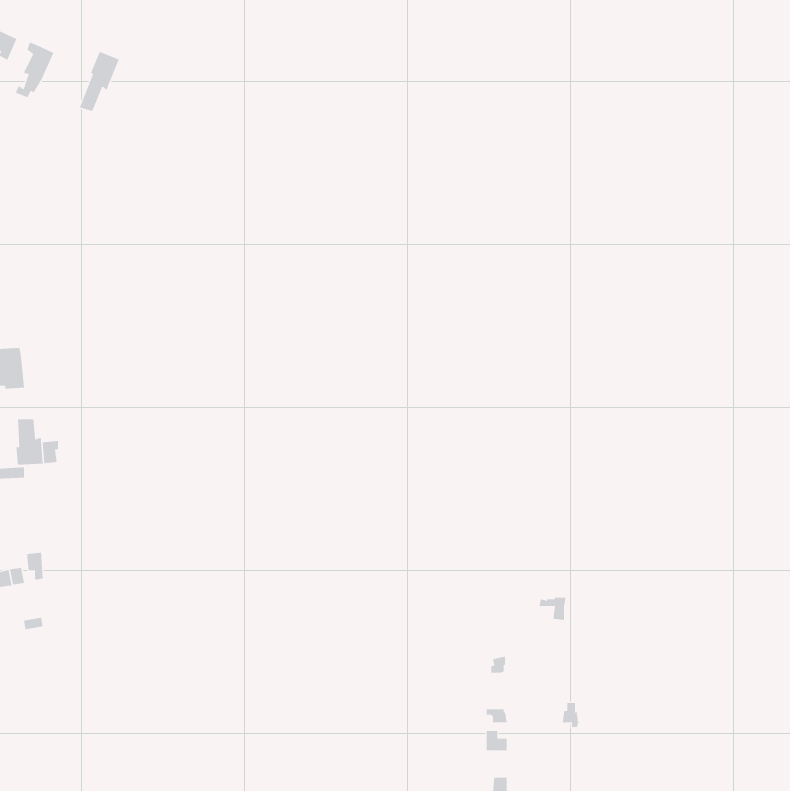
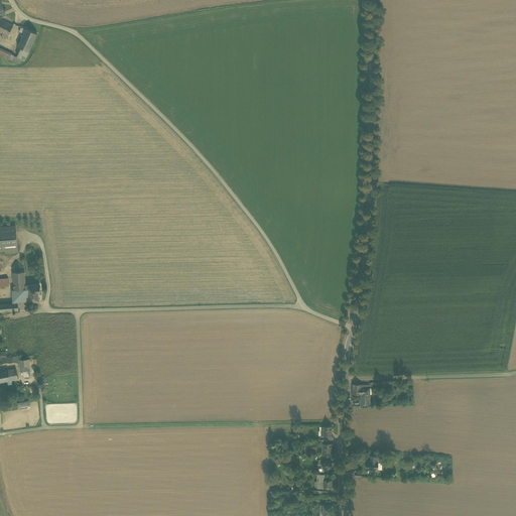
building: [79,51,119,112] -> none

